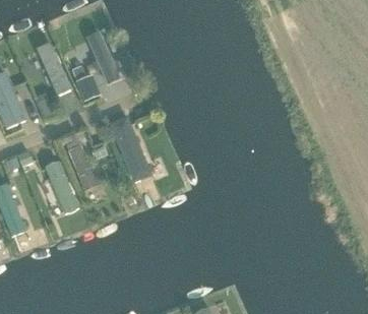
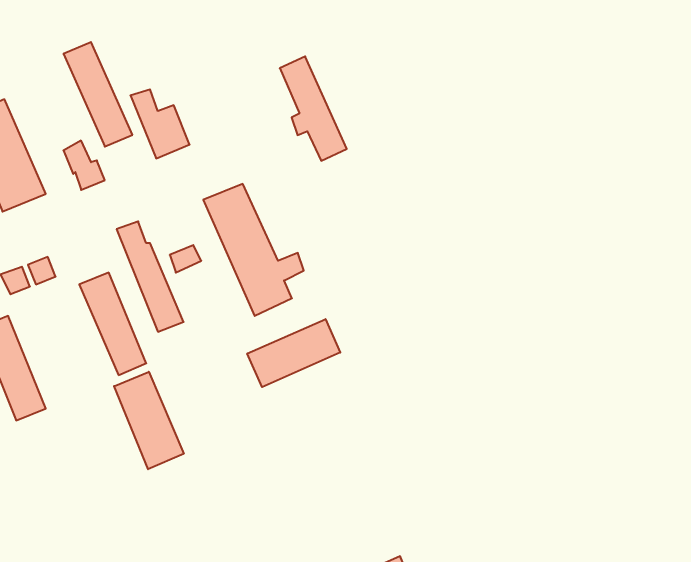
building: [85,29,120,83] -> [280,56,347,161]
building: none -> [247,319,340,387]
building: none -> [114,372,184,469]

